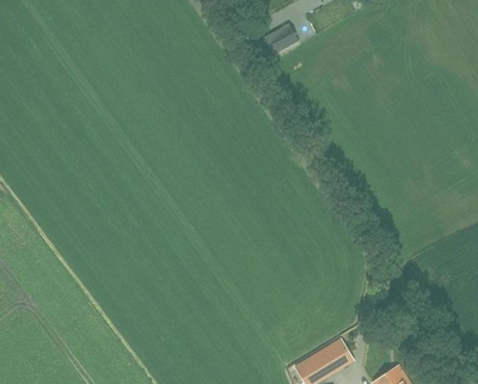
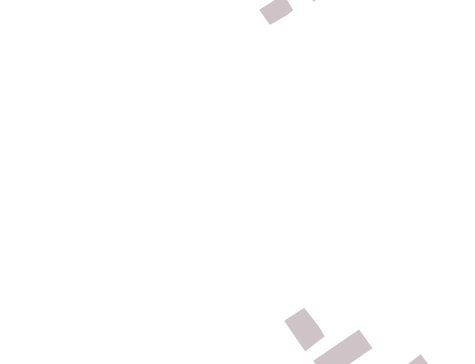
building: none -> [283,307,326,353]

